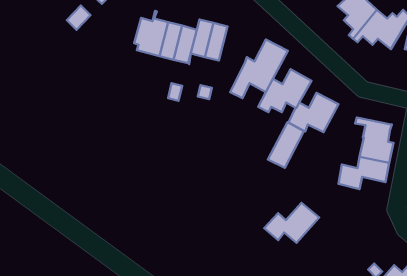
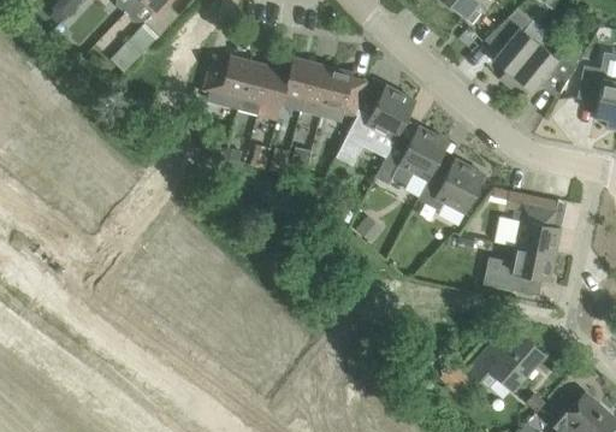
building: none -> [320,67,366,120]
building: [268,122,304,168] -> none
building: [264,203,319,243] -> [468,335,544,390]

